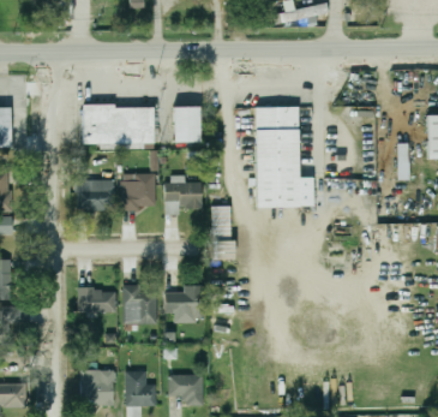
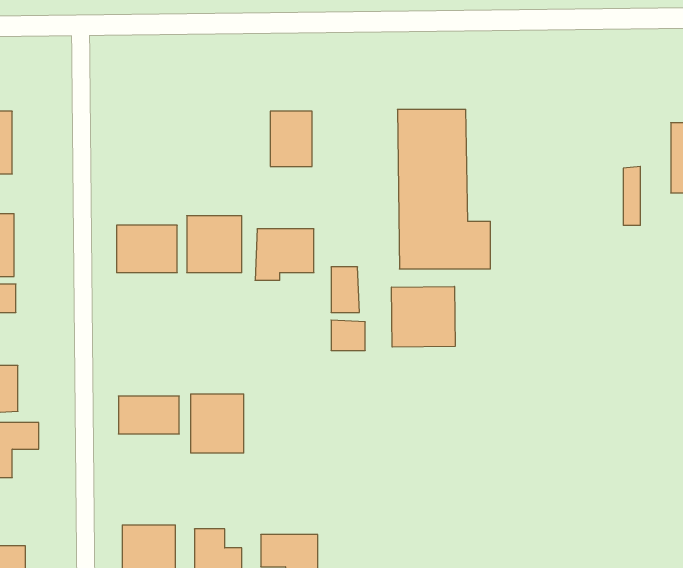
building: [80,106,154,144] -> none
building: none -> [392,286,455,347]
building: [164,286,204,320] -> none

